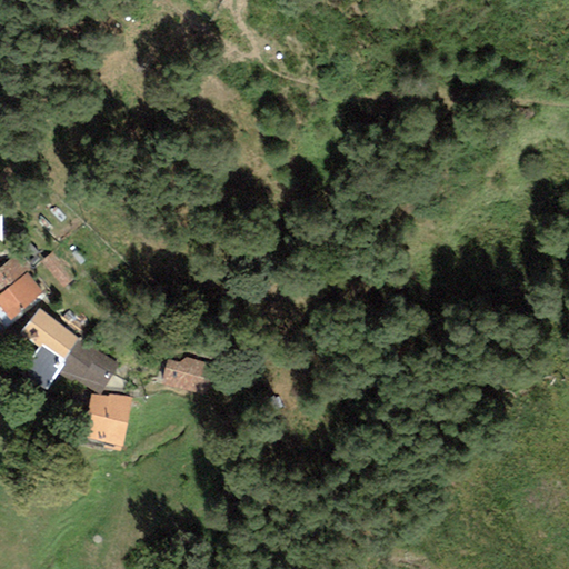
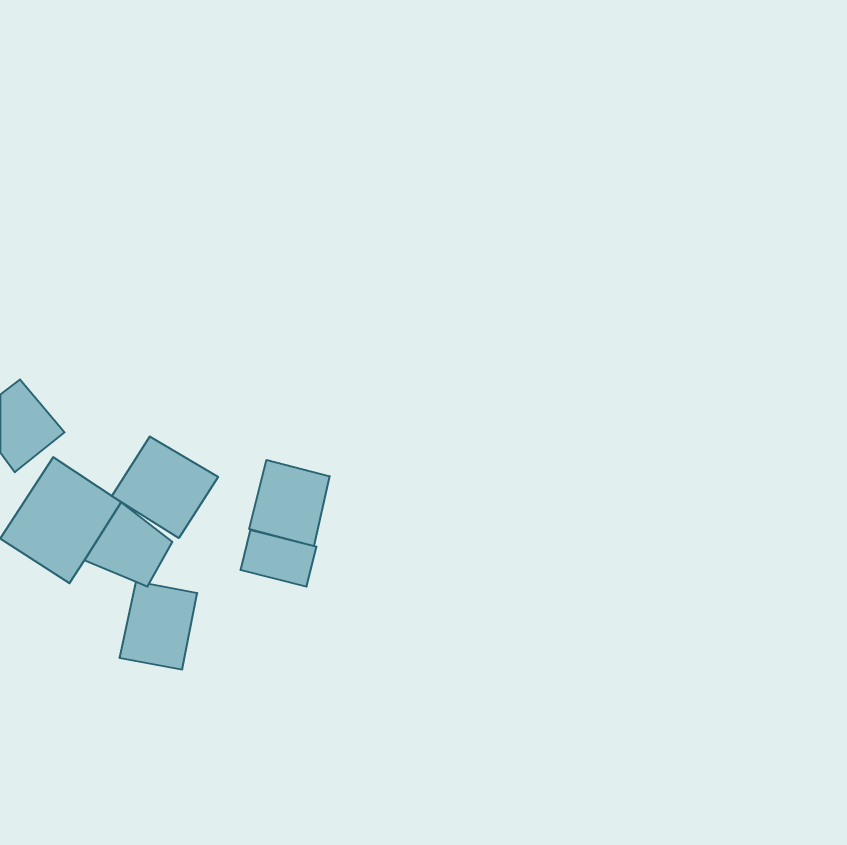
building: none -> [112,436,218,538]
building: none -> [249,460,330,546]

